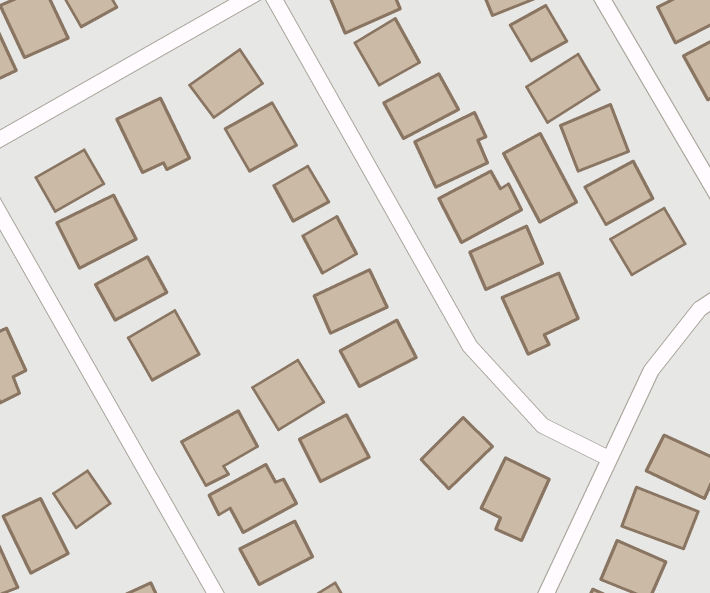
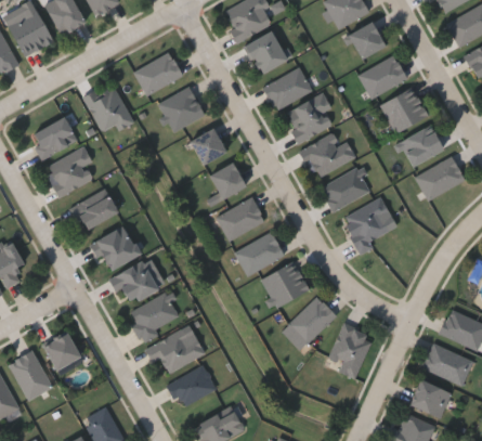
building: [504,133,576,222] -> none
building: [252,360,324,430] -> [110,260,158,307]
building: [300,415,369,481] -> [261,263,308,308]

